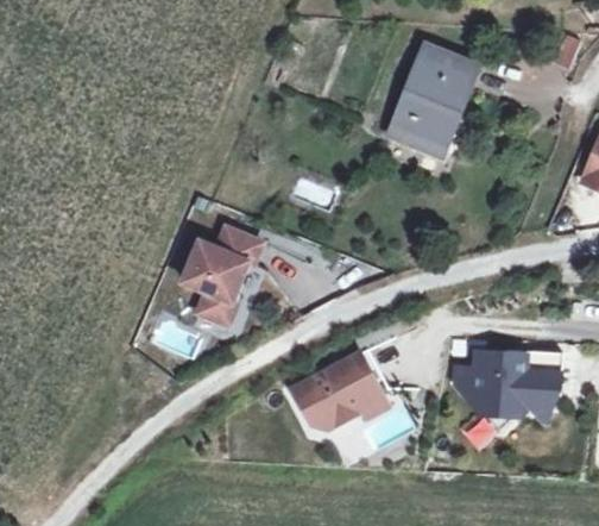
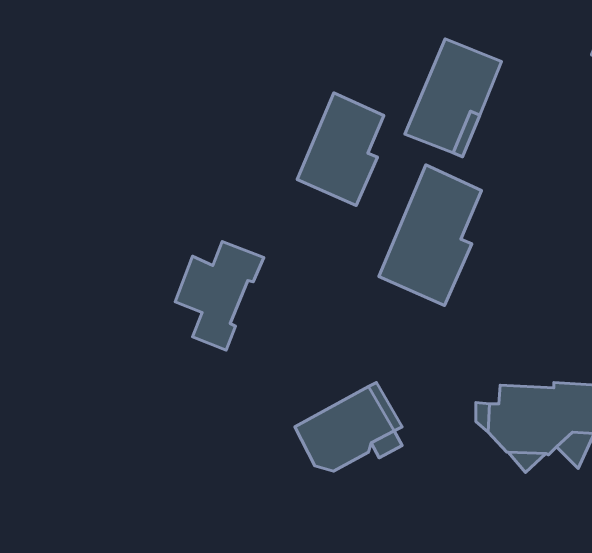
building: none -> [297,93,384,205]
building: none -> [379,165,482,306]

